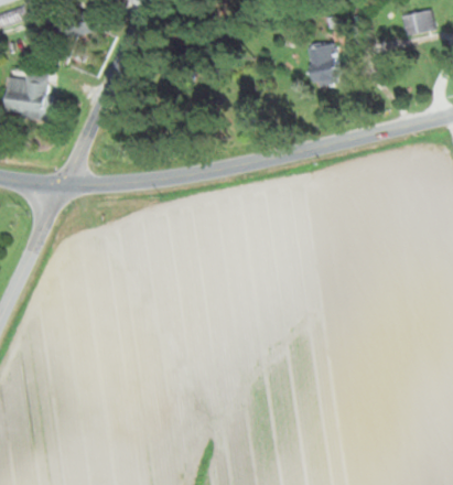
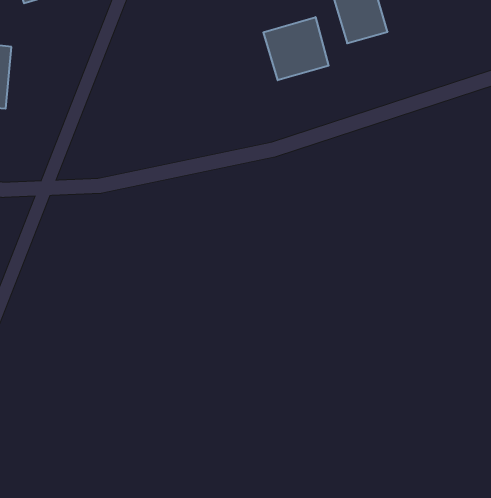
building: none -> [263,17,329,80]

